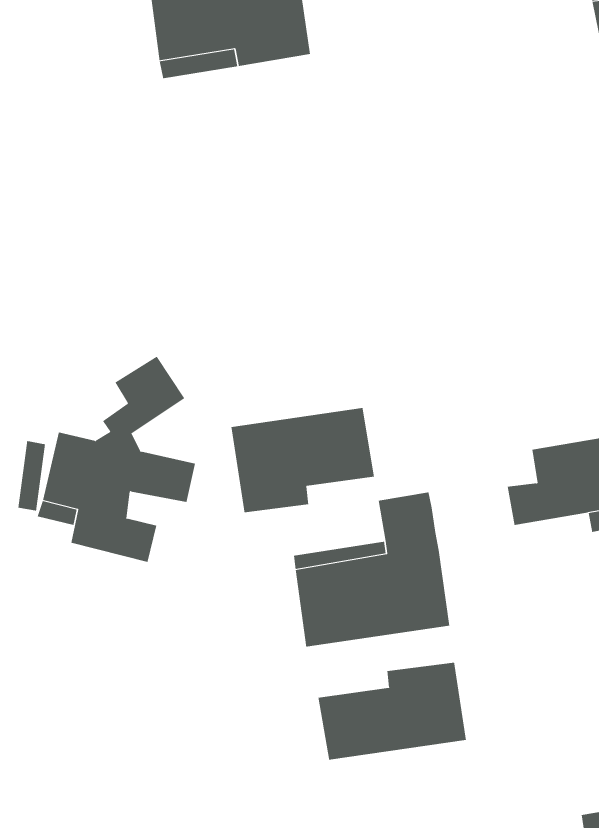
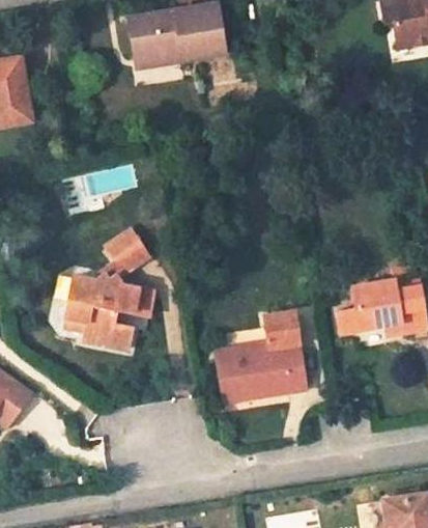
building: [231,407,375,513] -> none
building: [318,662,467,761] -> none

